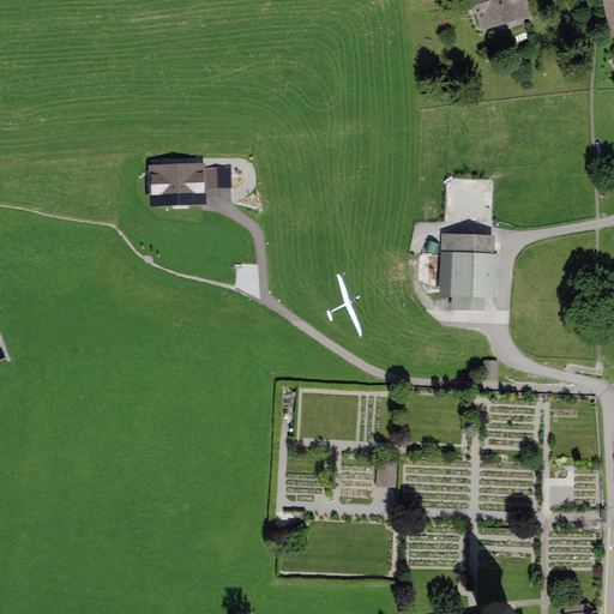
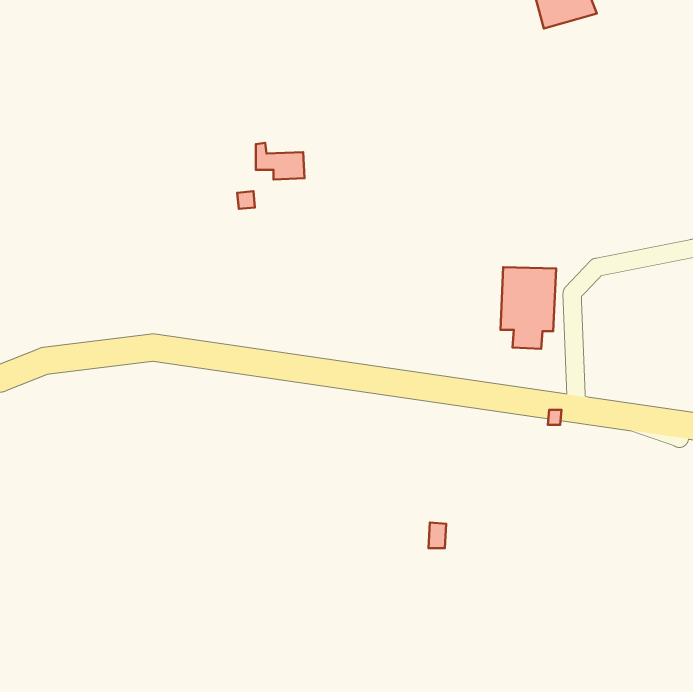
building: [151,161,194,193] -> [256,143,305,179]

